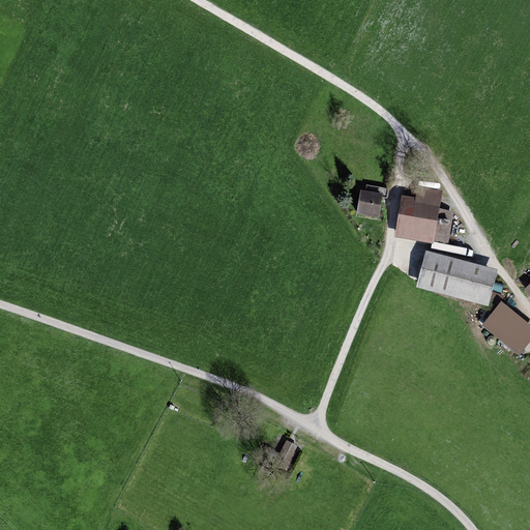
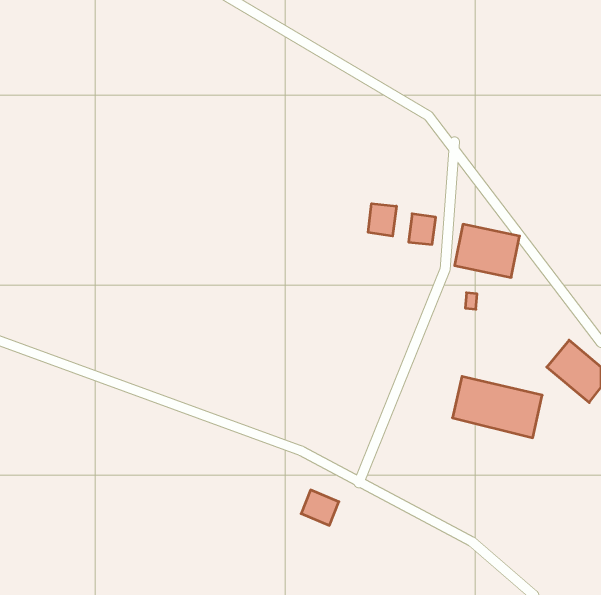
building: none -> [368,204,396,236]
building: [416,252,495,305] -> [452,376,542,438]

